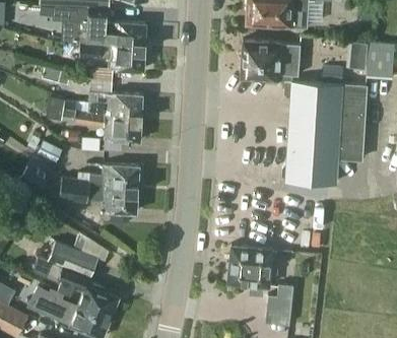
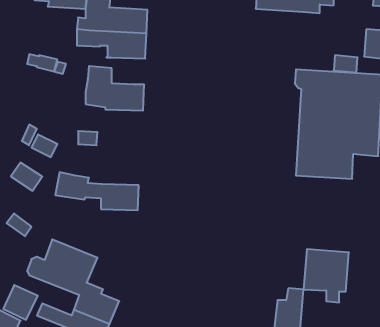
building: [242,41,301,79] -> none
building: [61,102,142,141] -> none
building: [78,164,139,189] -> none
building: [229,246,272,295] -> [303,249,349,302]

